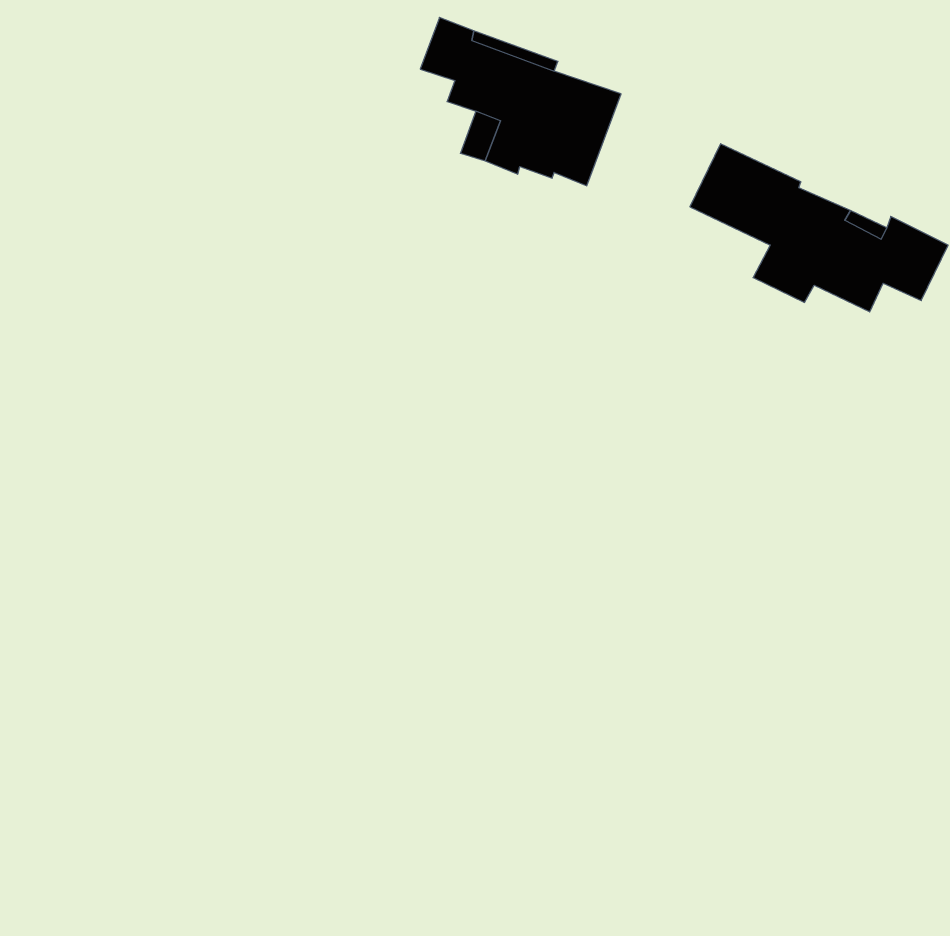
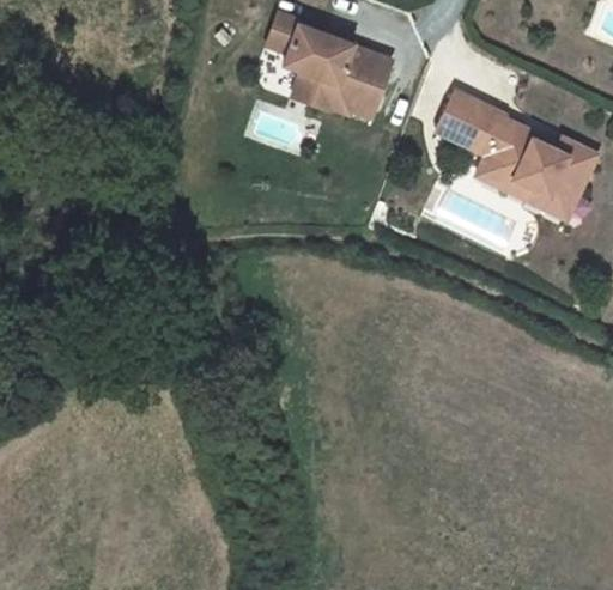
building: none -> [506,180,579,220]

